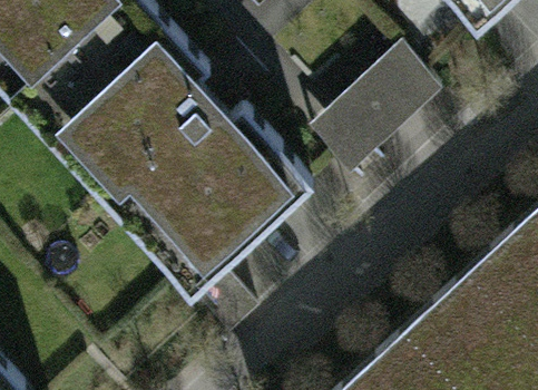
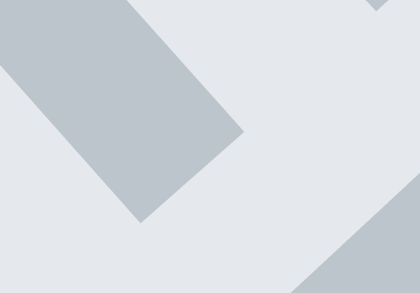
building: [305,42,440,169] -> none

